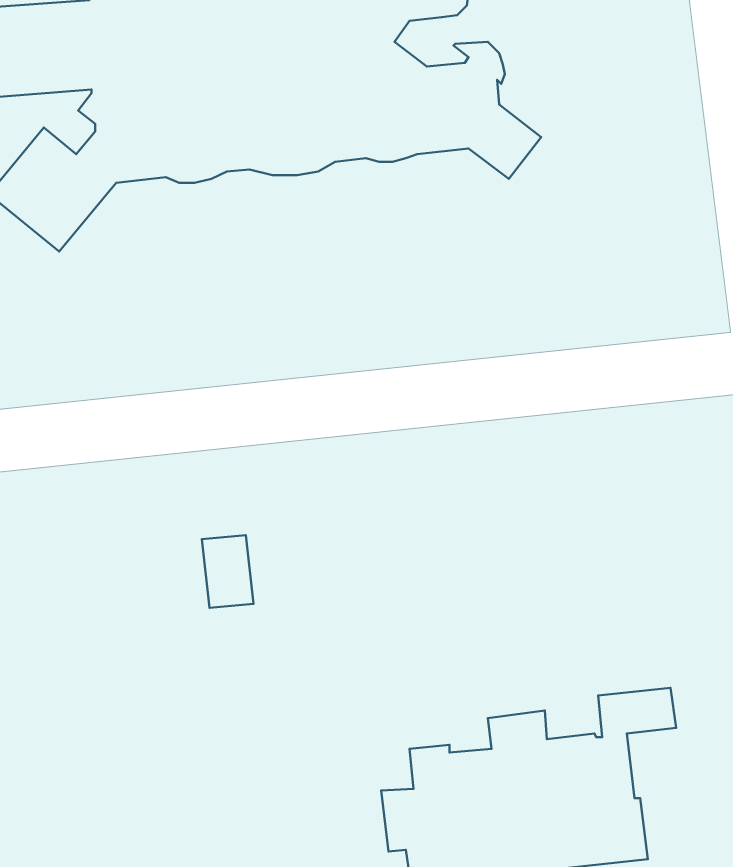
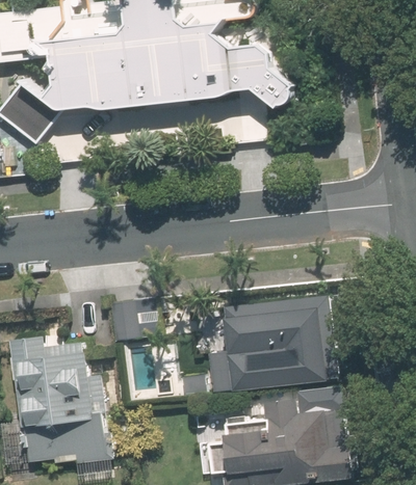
building: none -> [168,296,338,403]
building: none -> [10,336,112,464]

